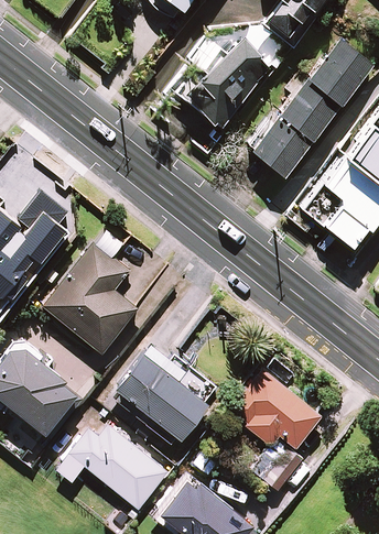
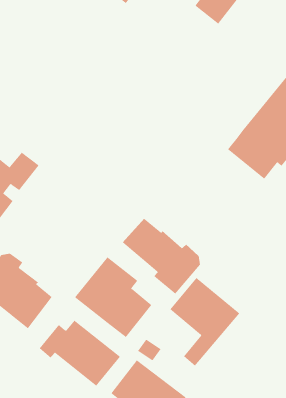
building: [186,30,271,130] -> none
building: [253,41,372,176] -> none
building: [45,231,136,353] -> none
building: none -> [122,218,201,295]

